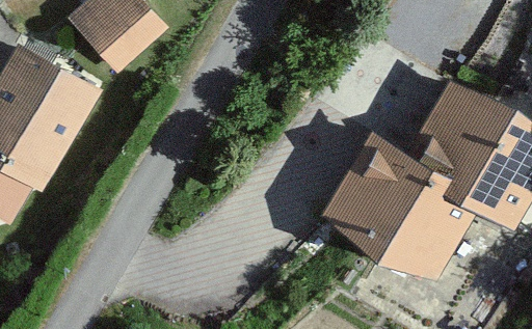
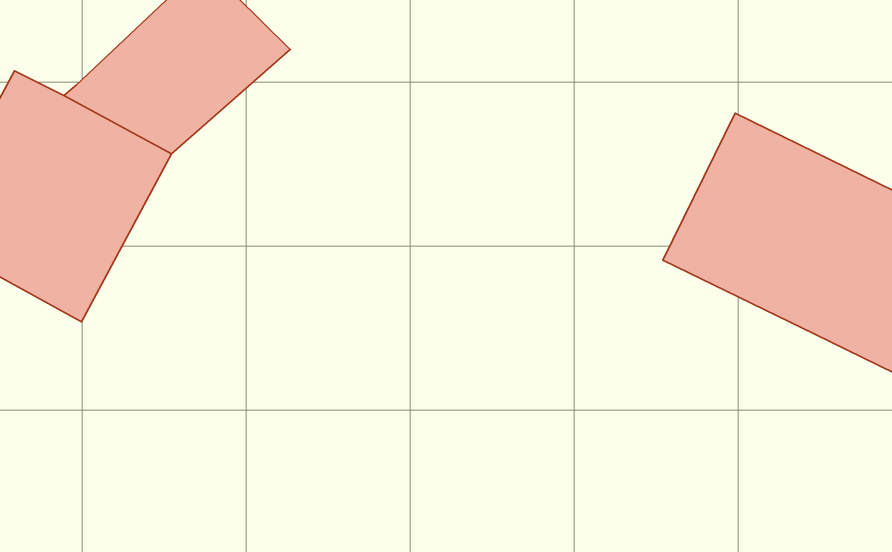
building: [310,130,480,278] -> none

